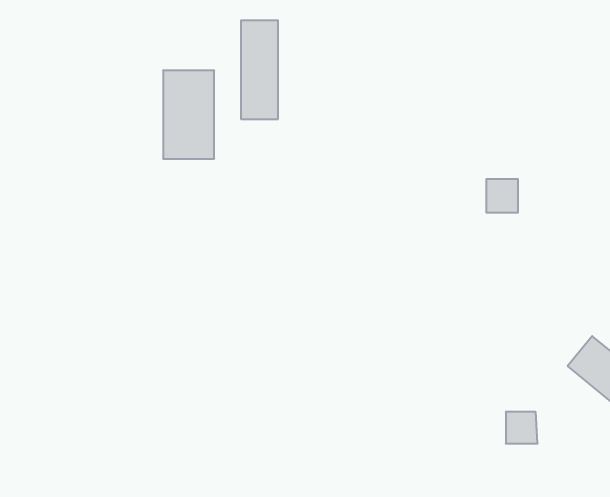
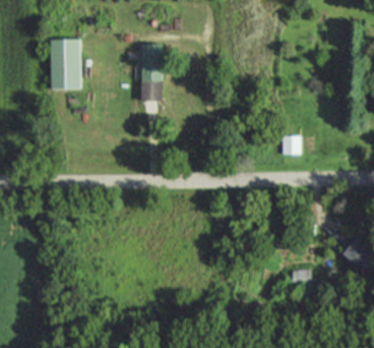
building: [163,70,214,159] -> [51,39,80,90]

